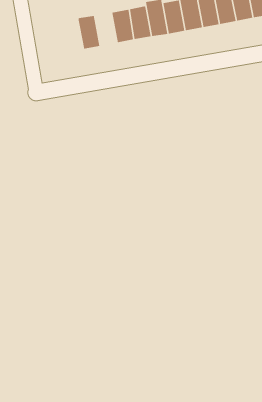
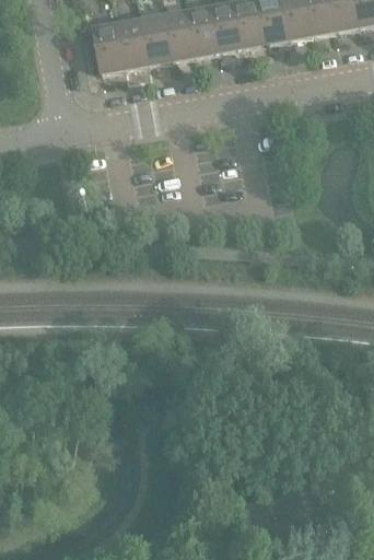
building: none -> [143,18,174,63]
building: none -> [92,21,128,72]

